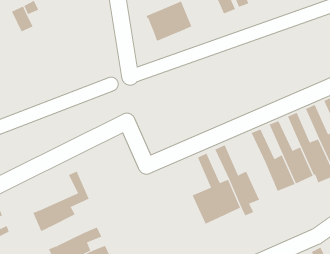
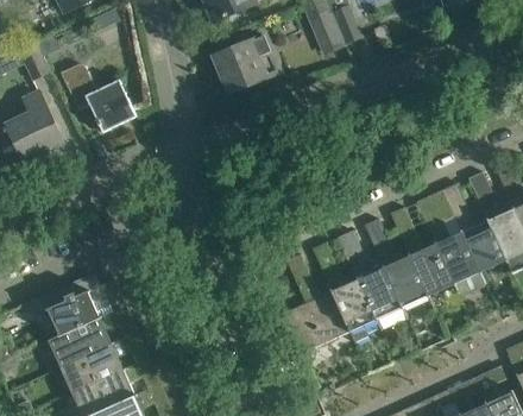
building: none -> [59,63,136,132]
building: none -> [7,93,61,160]
building: none -> [336,231,401,321]
building: none -> [27,275,113,335]
building: none -> [61,334,137,392]

